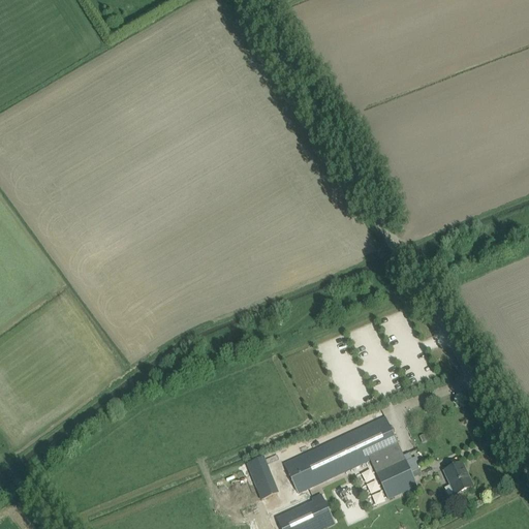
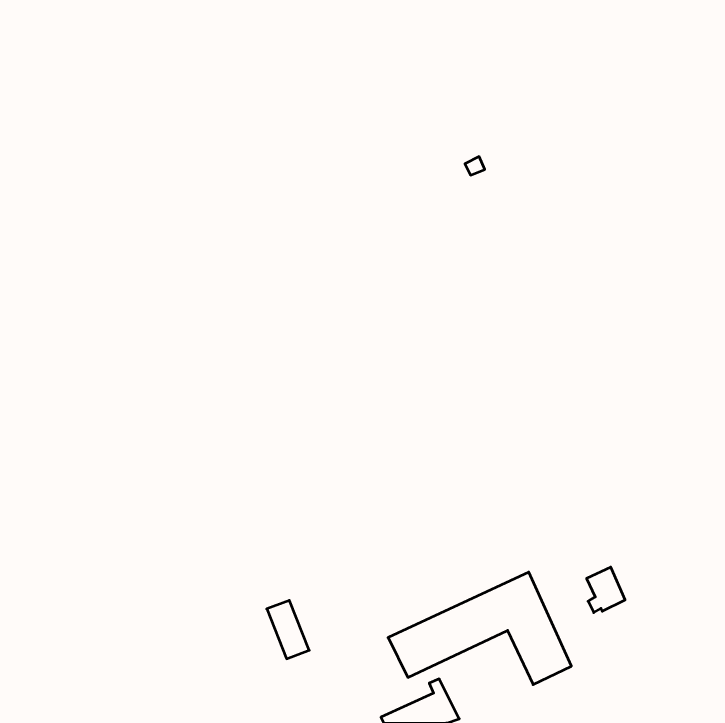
building: [246,456,277,498] -> [267,600,309,659]
building: [443,461,471,494] -> [587,567,625,613]

